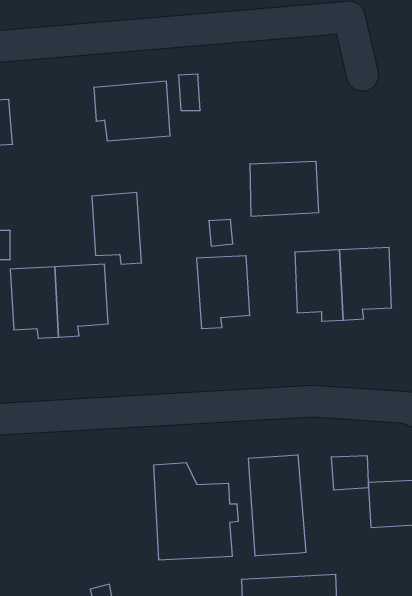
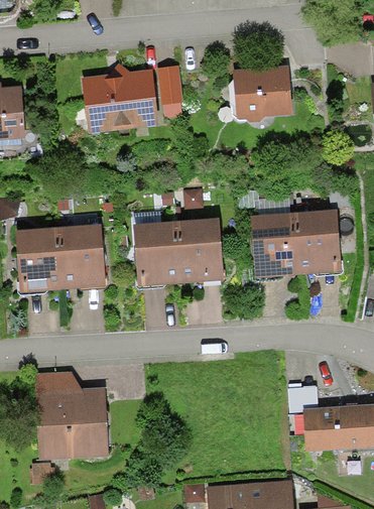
building: [250,162,319,216] -> [233,68,290,113]
building: [92,193,142,264] -> [136,221,177,280]
building: [249,455,306,556] -> none
building: [154,463,238,560] -> [37,373,108,454]

